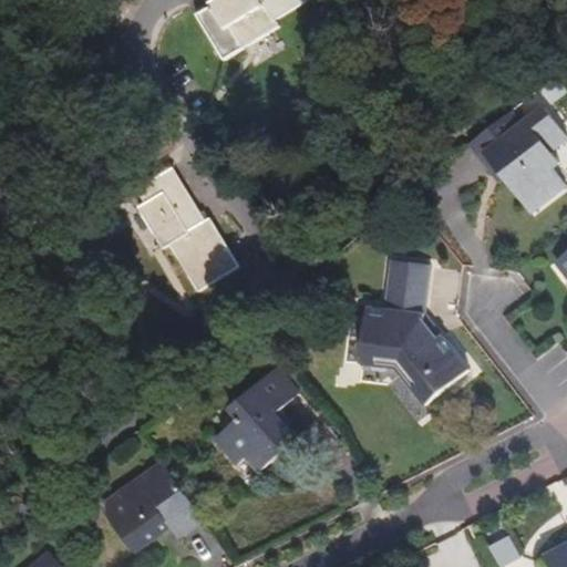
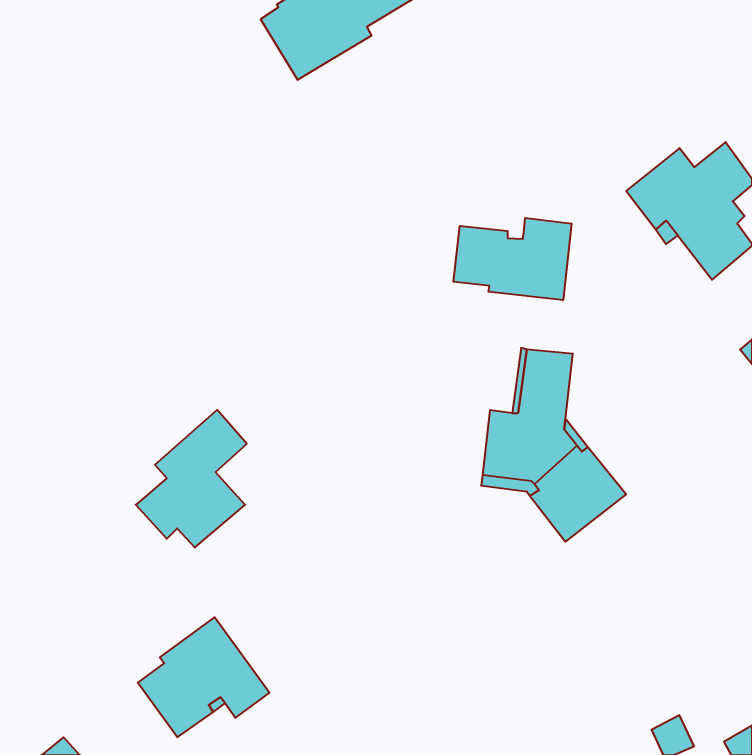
building: none -> [453,218,571,300]
building: [136,167,238,291] -> none
building: [214,368,297,471] -> [136,410,247,548]

